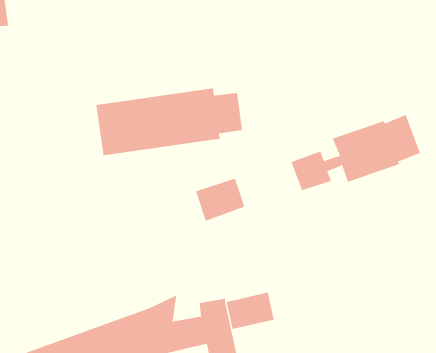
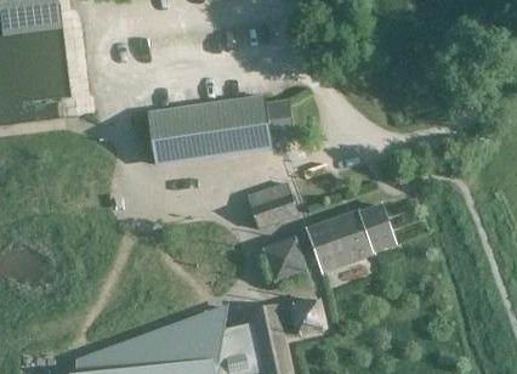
building: [290,114,421,191] -> [265,204,394,280]

